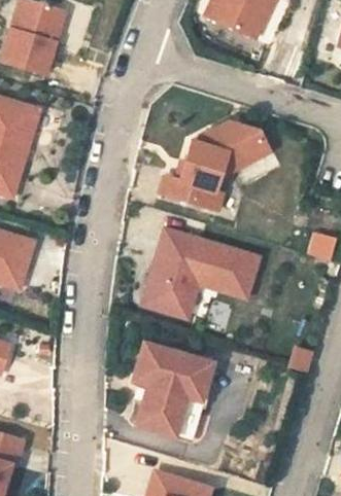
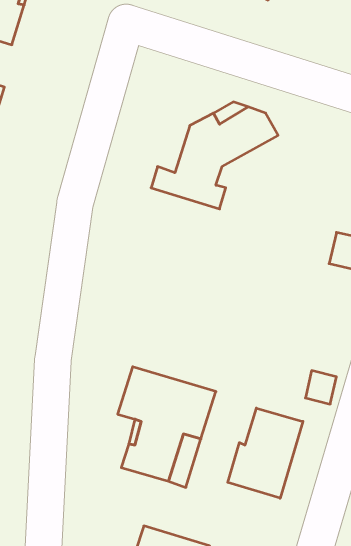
building: [147,228,259,314] -> none
building: none -> [228,408,303,498]

